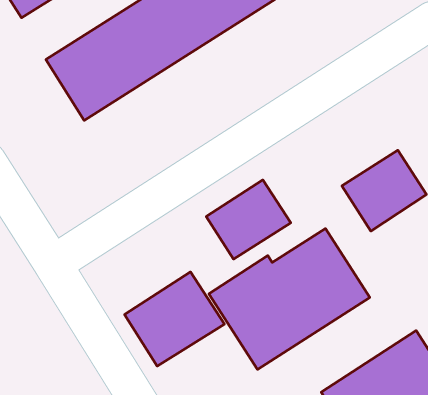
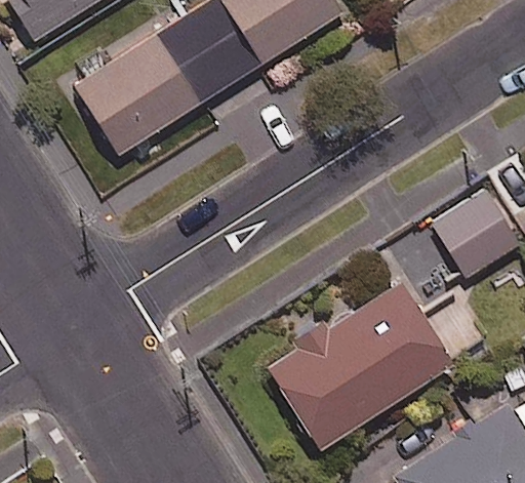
building: [206,180,291,259] -> none
building: [124,272,224,366] -> none

